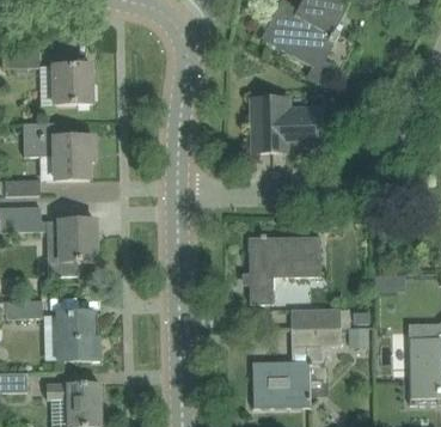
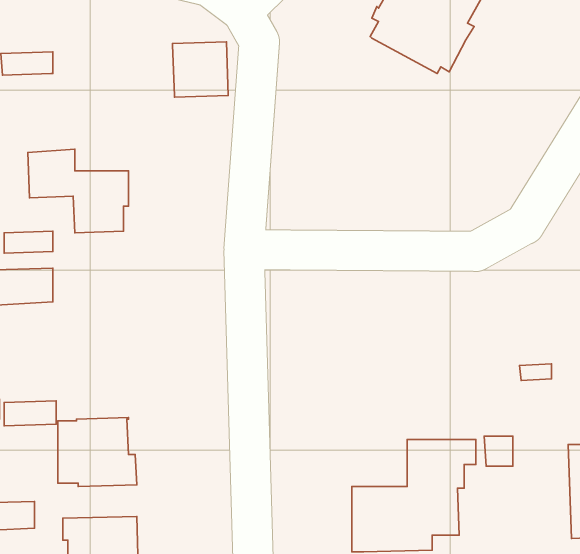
building: [53,63,92,103] -> [173,42,228,97]
building: [251,98,324,151] -> none
building: [48,219,97,275] -> none
building: [249,233,320,303] -> none
building: [290,306,341,327] -> none

